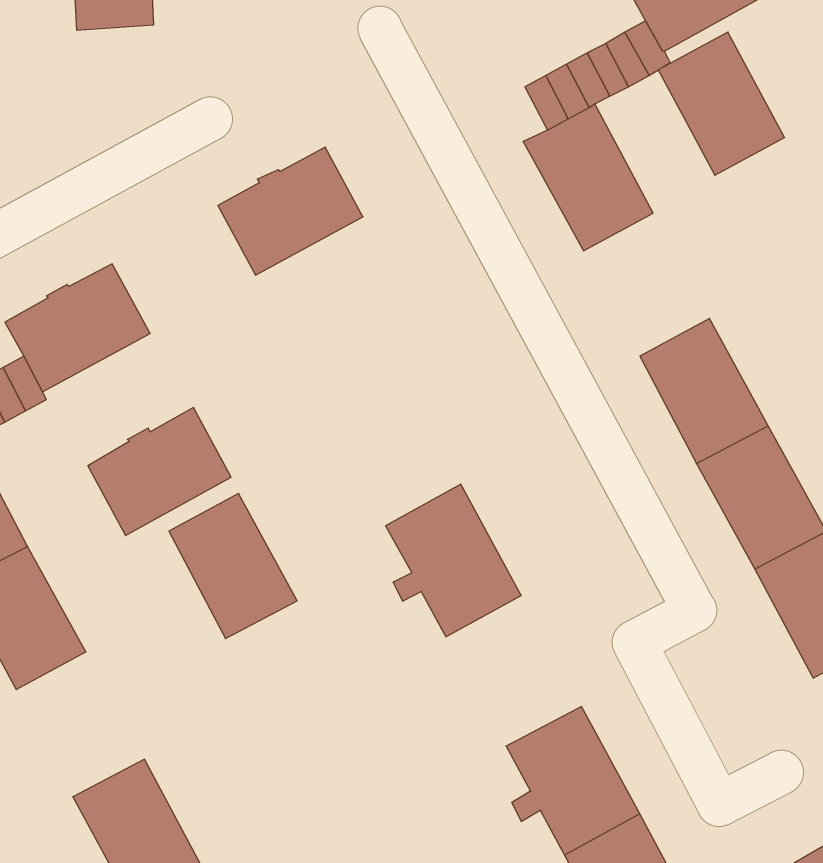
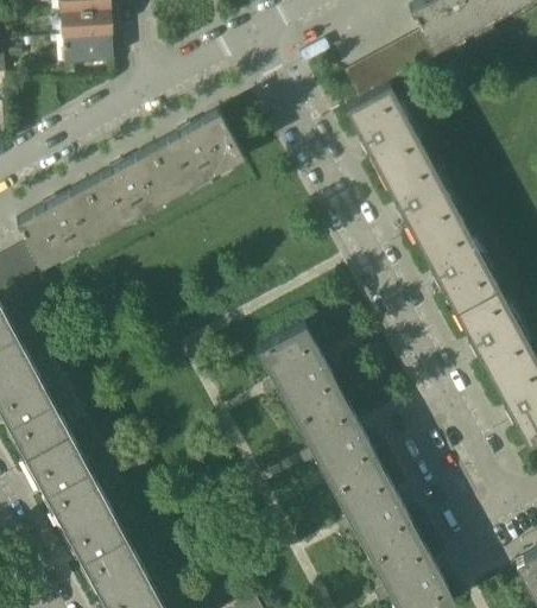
building: none -> [62,33,113,63]
building: [658,32,785,175] -> [381,152,461,242]
building: [88,407,231,536] -> [84,147,175,228]
building: [169,493,297,639] -> [24,429,105,520]
building: none -> [295,393,380,488]

